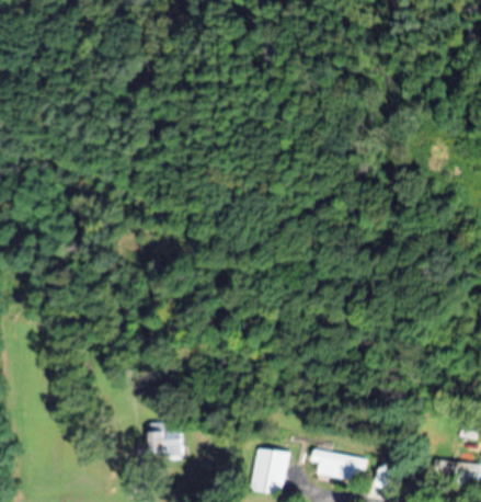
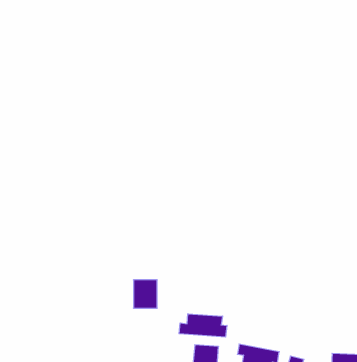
building: none -> [179,314,227,337]
building: [150,420,181,456] -> [133,280,157,308]

